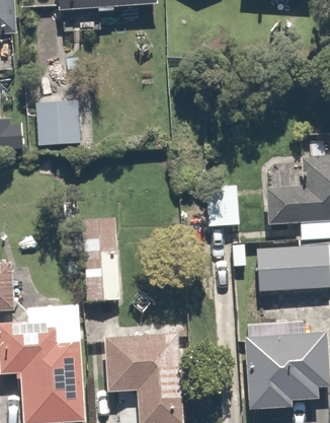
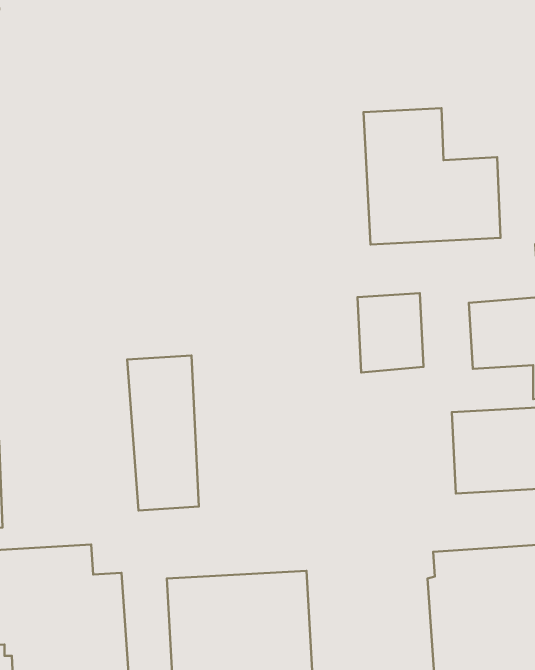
building: none -> [363,108,501,244]
building: [29,93,78,145] -> none

